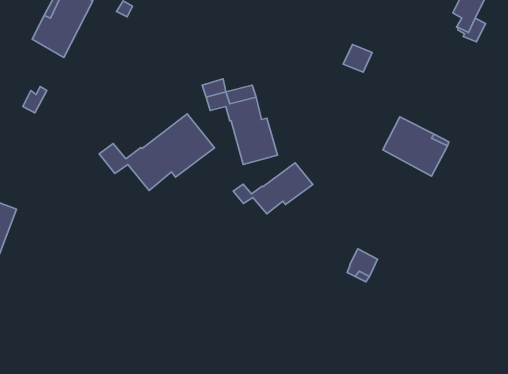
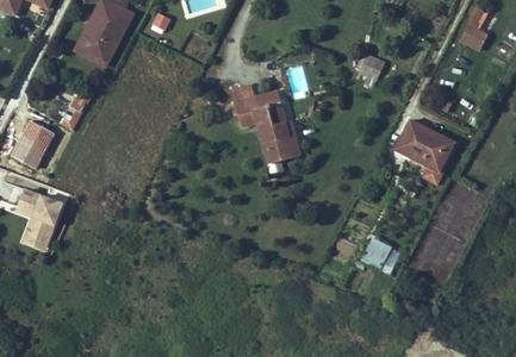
building: [99,114,214,190] -> none
building: [233,163,313,214] -> none

